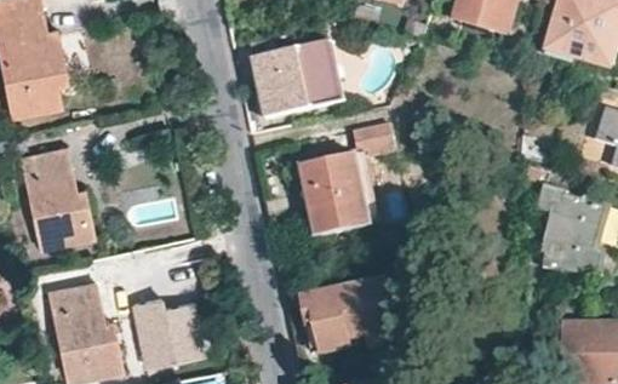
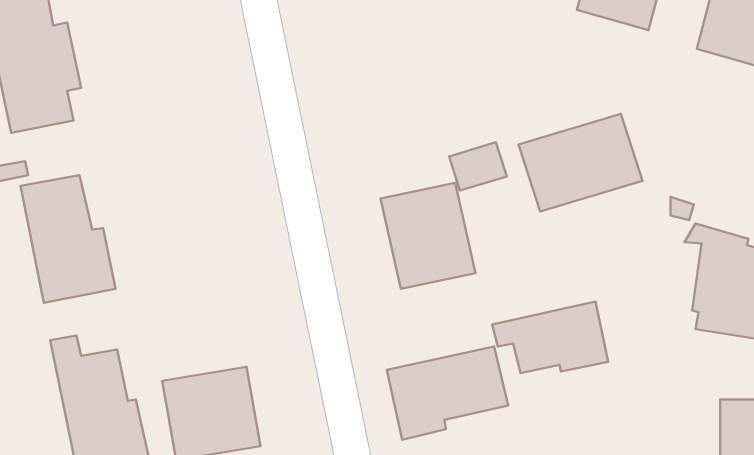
building: [251,35,345,118] -> none
building: none -> [519,114,642,212]
building: none -> [492,302,608,373]

